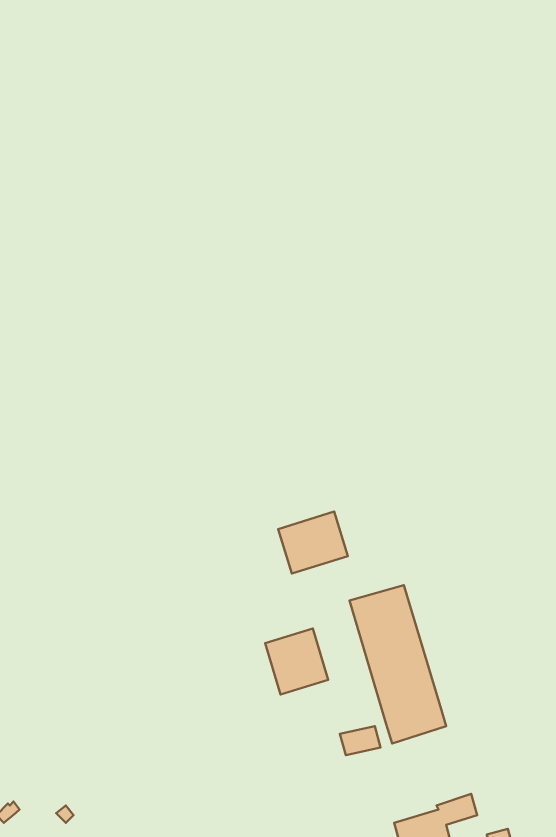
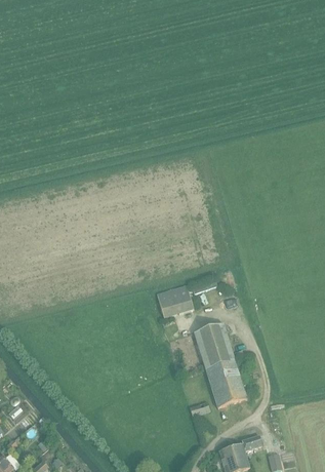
building: [265,629,328,694] -> none

